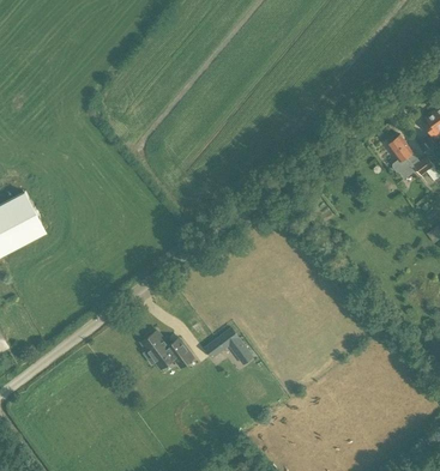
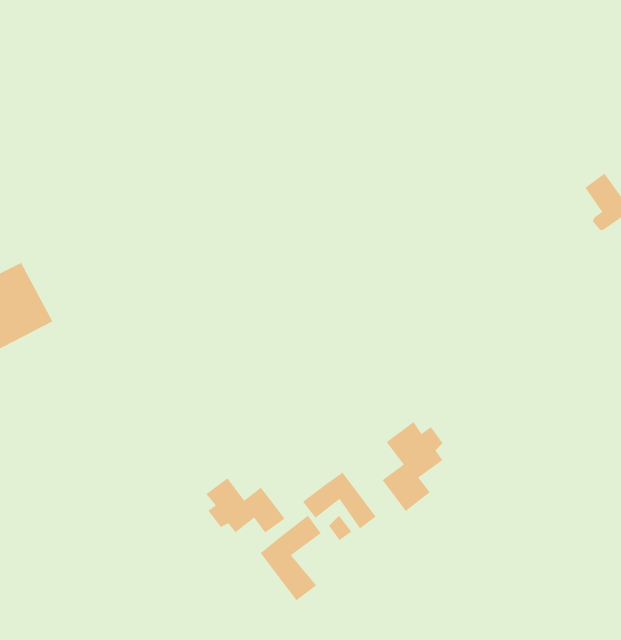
building: none -> [382,421,443,512]
building: none -> [260,515,322,601]

